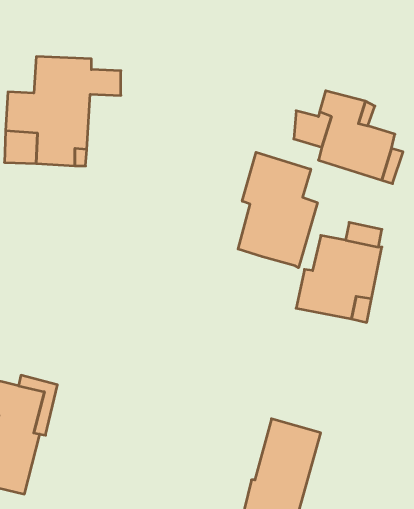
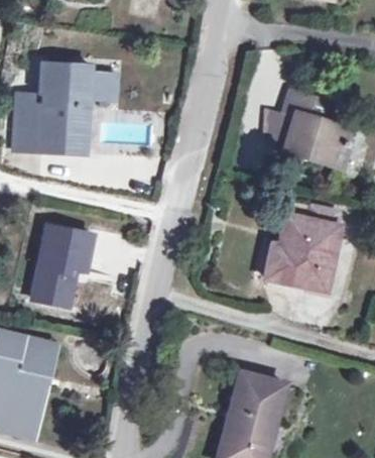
building: [238,152,317,268] -> none
building: none -> [32,226,92,307]

